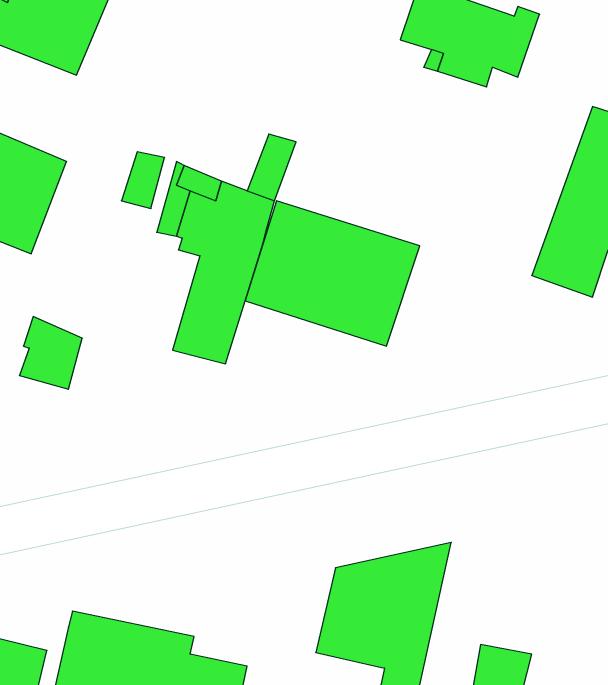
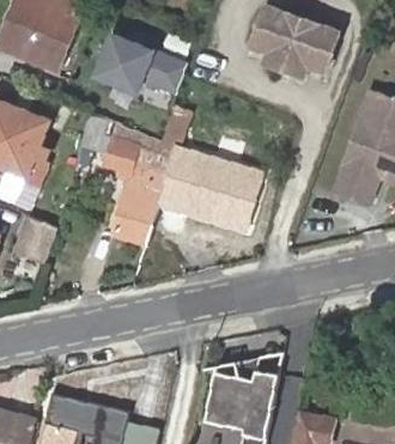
building: none -> [90,29,188,95]

